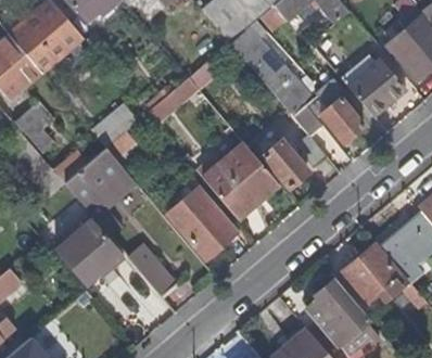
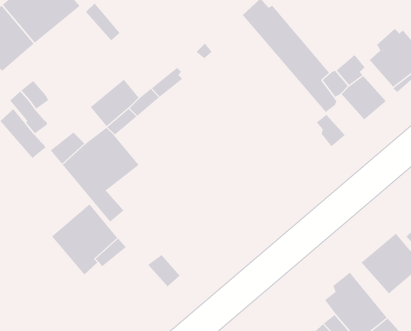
building: [263,140,308,187] -> none
building: [205,144,278,217] -> none
building: [168,184,237,256] -> none

